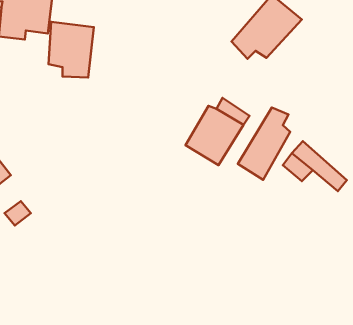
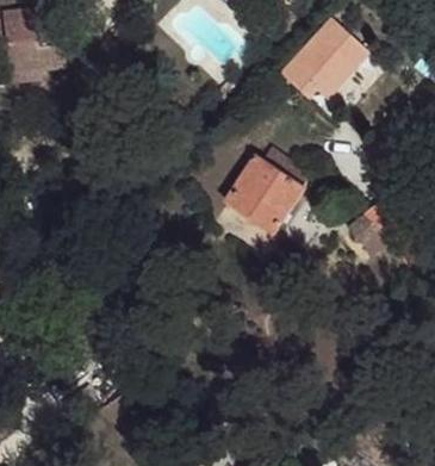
building: [49,22,94,77] -> none
building: [238,108,290,180] -> none

